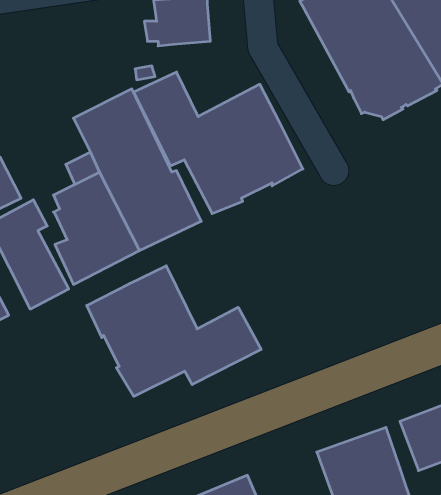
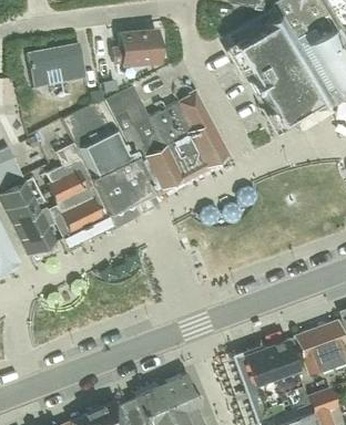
building: none -> [29,43,87,86]
building: [87,266,261,396] -> none

